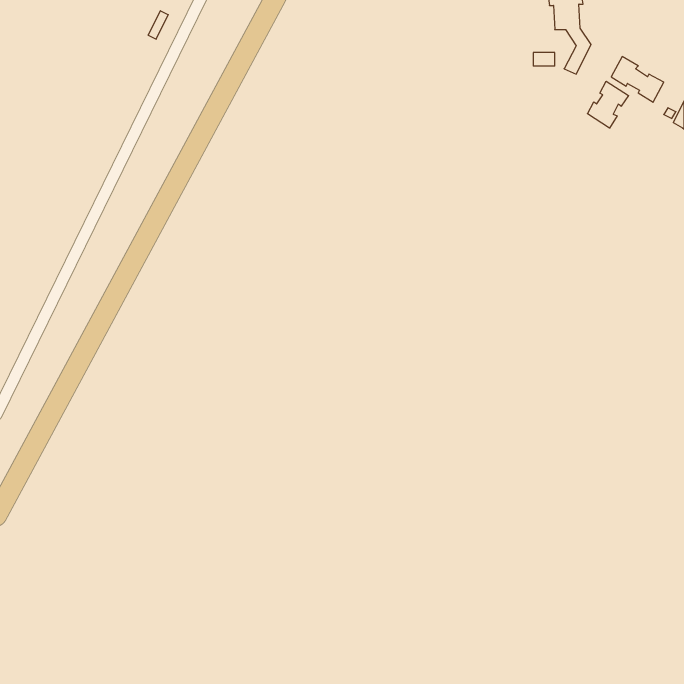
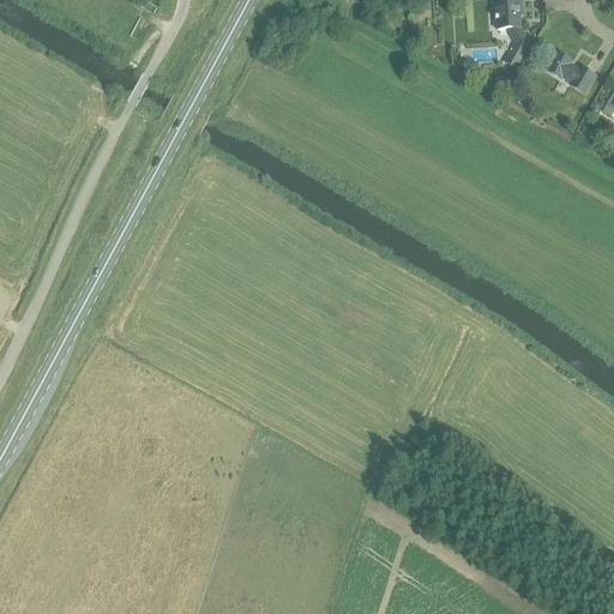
building: [587,81,629,128] -> none

